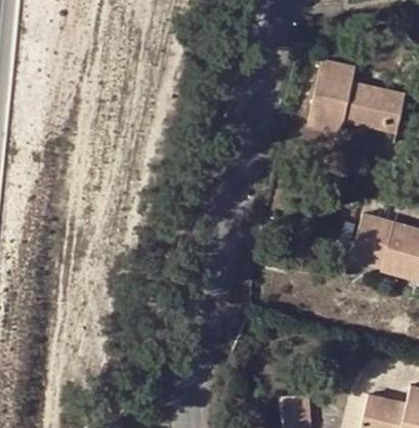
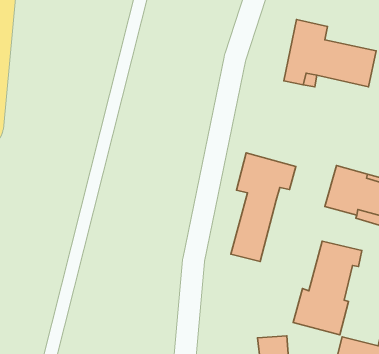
building: none -> [231,153,296,262]
building: none -> [293,241,362,335]

